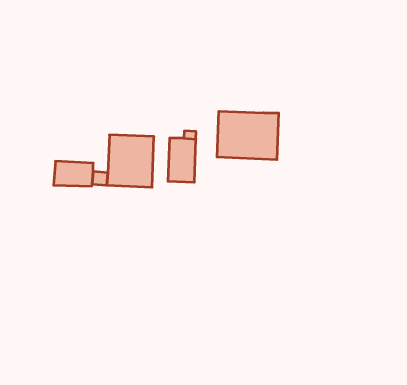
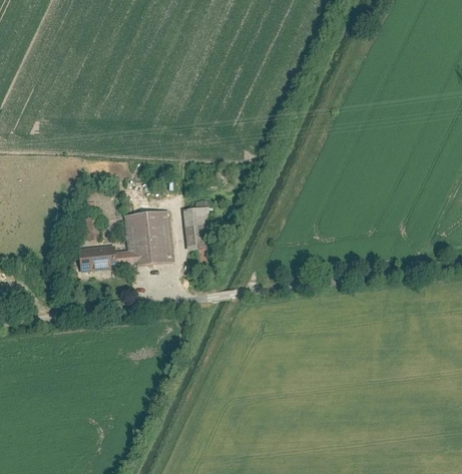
building: [217,111,279,160] -> none

